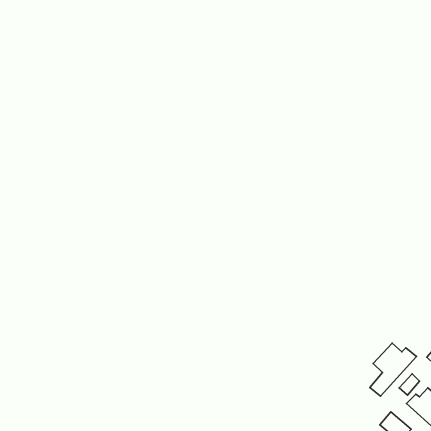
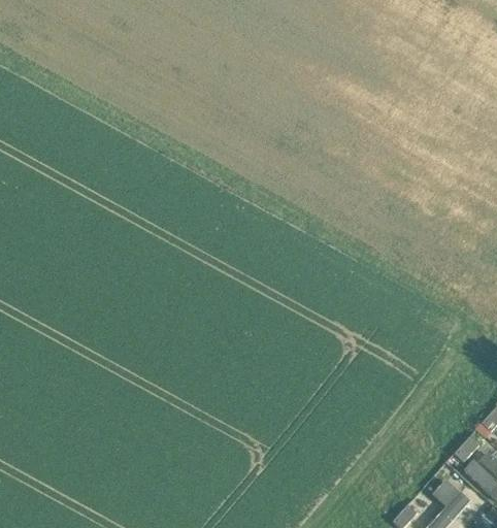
building: [370,343,416,396] -> none

